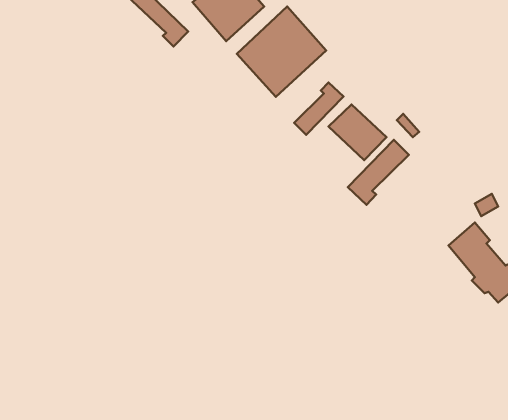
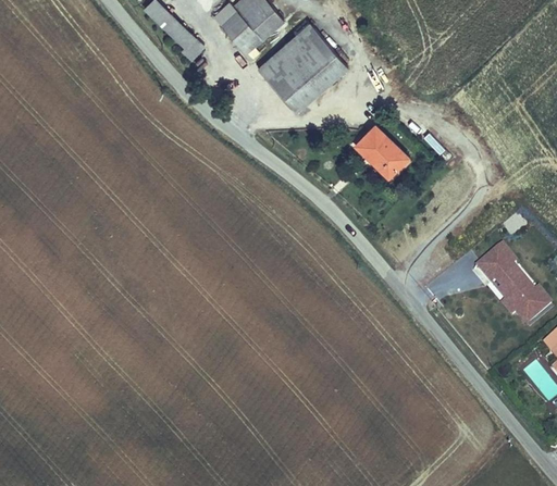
building: [294,82,343,135] -> none
building: [348,140,409,205] -> none

